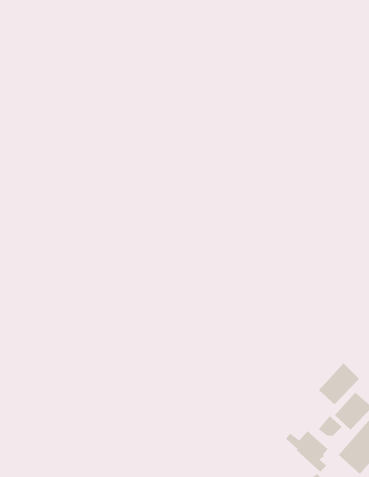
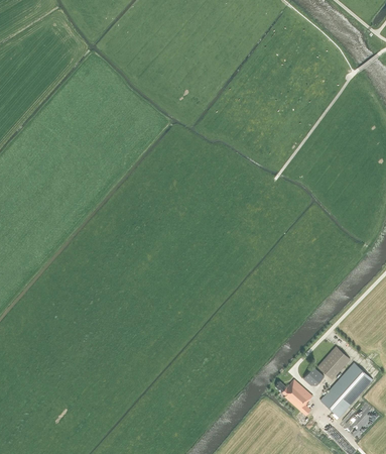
building: [318,362,360,405] -> none

